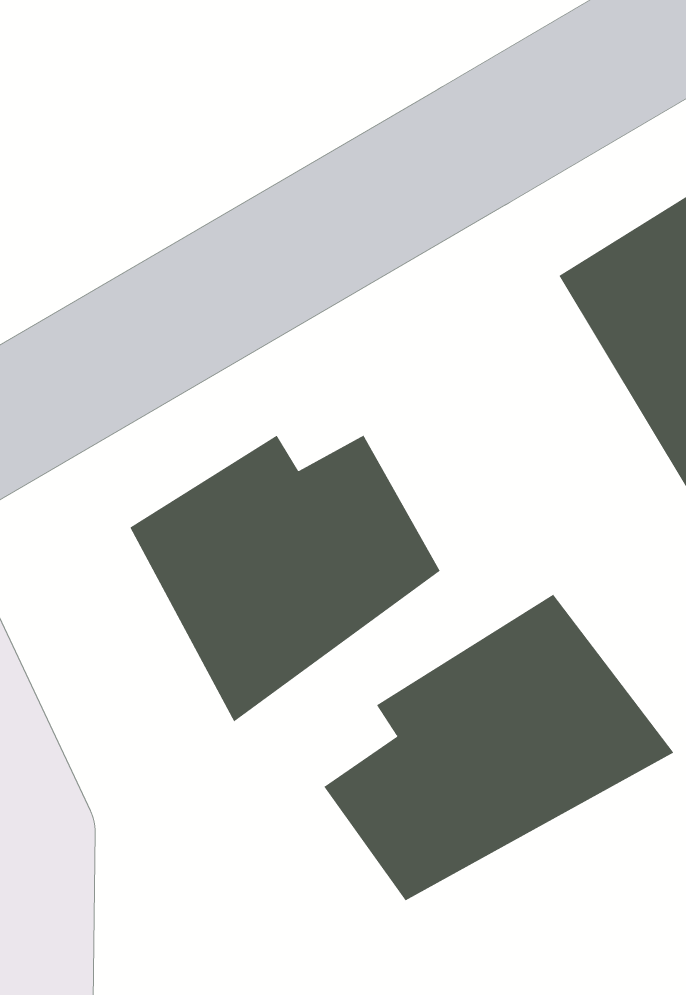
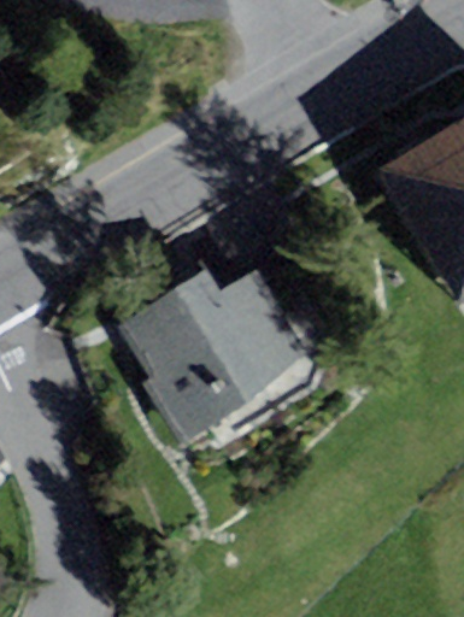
building: [324,594,674,901] -> none

